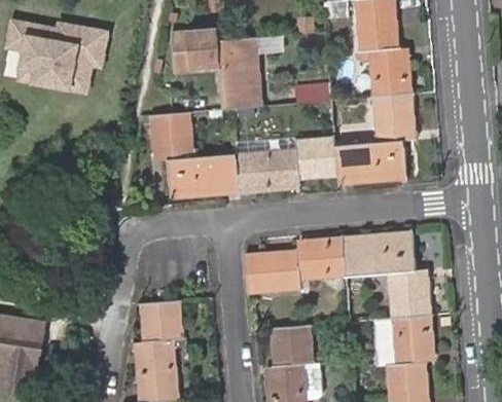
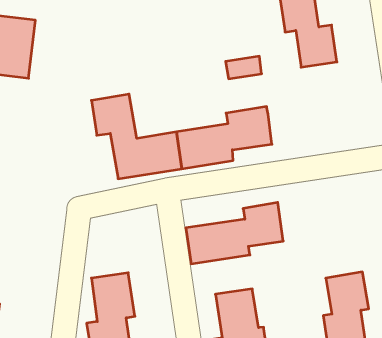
building: [170,28,265,109] -> none
building: [337,93,417,184] -> none
building: [342,231,426,320] -> none

